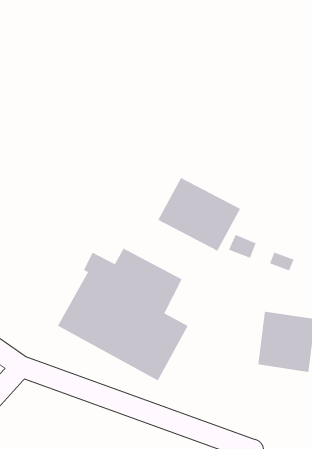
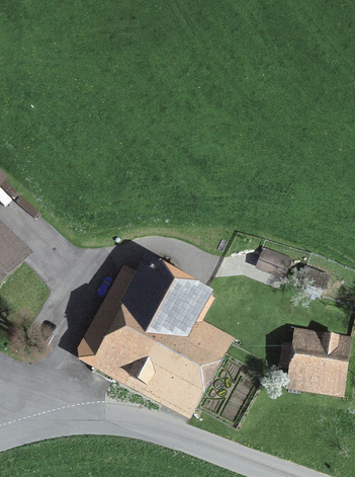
building: [157,177,241,252] -> none

